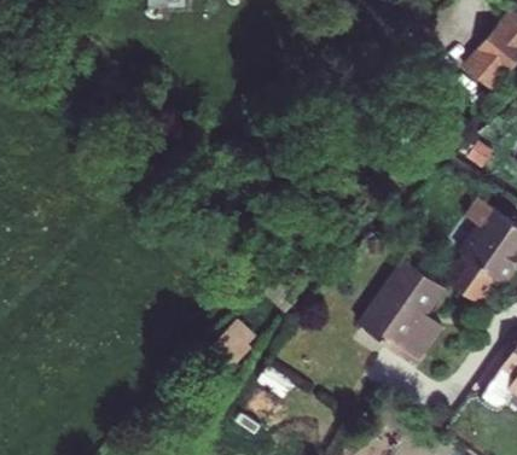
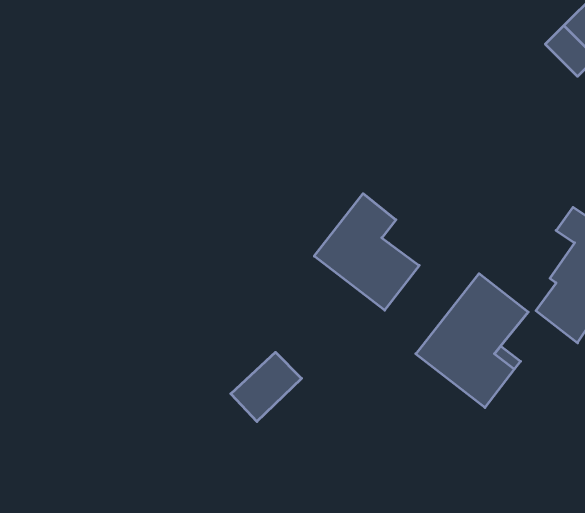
building: none -> [314,194,419,310]

